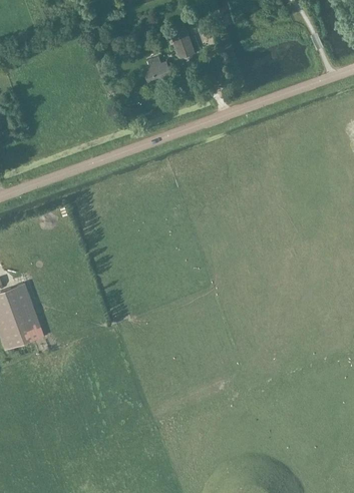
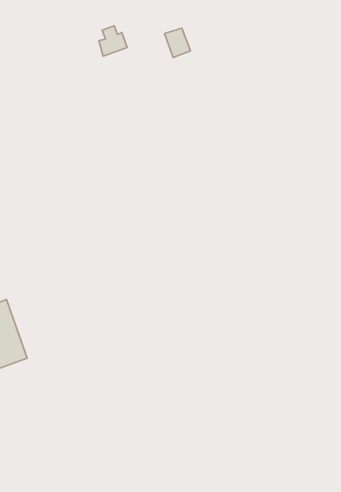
building: [143,56,169,84] -> [99,26,127,56]

